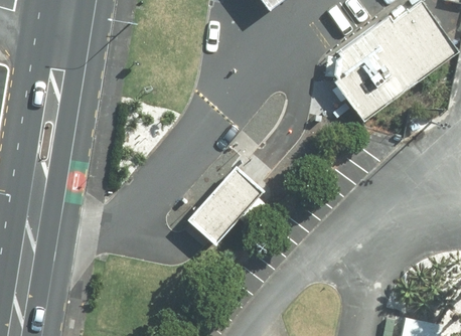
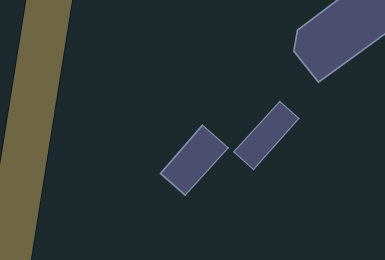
building: none -> [234,101,299,170]

